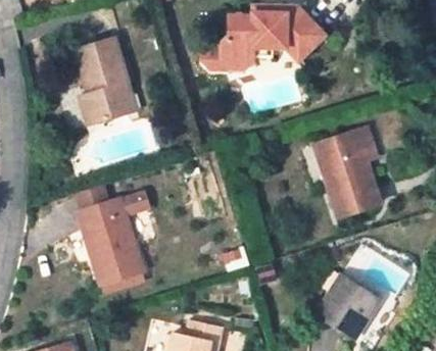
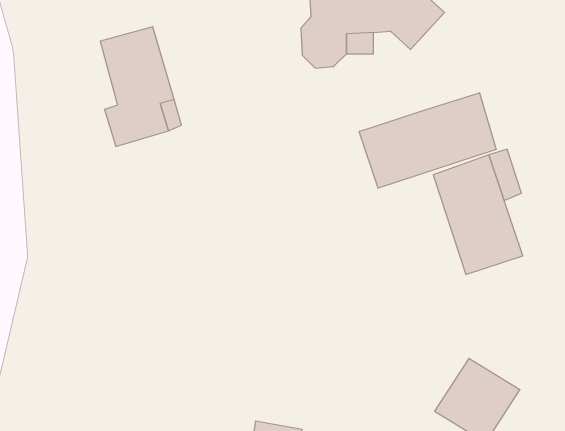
building: none -> [359,93,496,188]
building: [78,199,141,284] -> none

